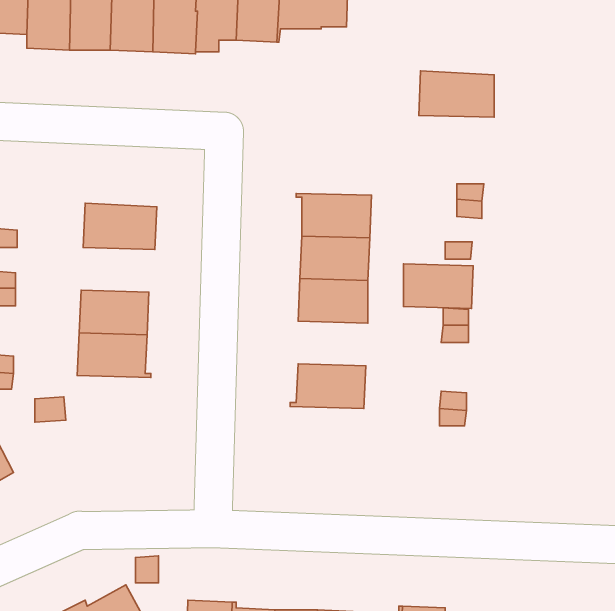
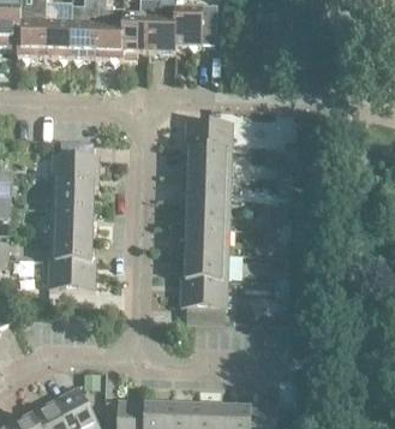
building: [419,71,494,117] -> [185,119,232,148]
building: none -> [52,180,97,208]
building: [404,264,473,308] -> [186,226,229,254]
building: none -> [49,260,95,288]
building: none -> [180,279,227,306]

